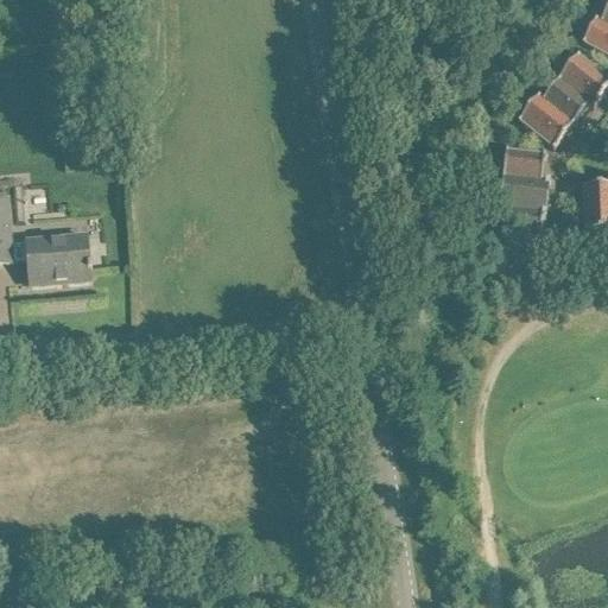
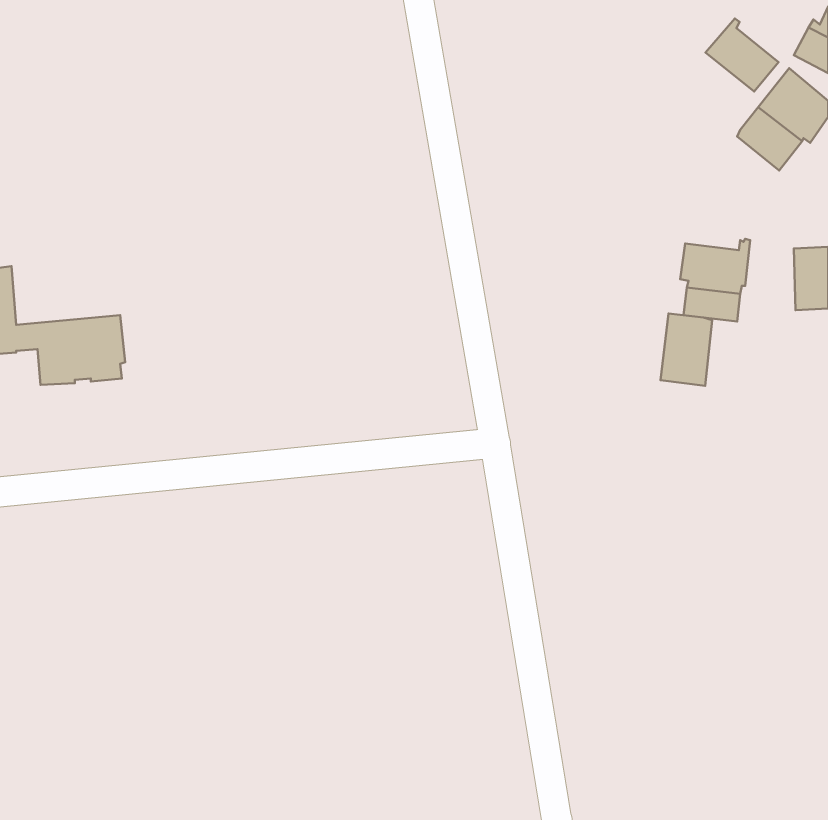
building: [517,93,570,146] -> [706,18,779,92]
building: [501,145,544,183] -> none
building: none -> [660,313,712,386]

